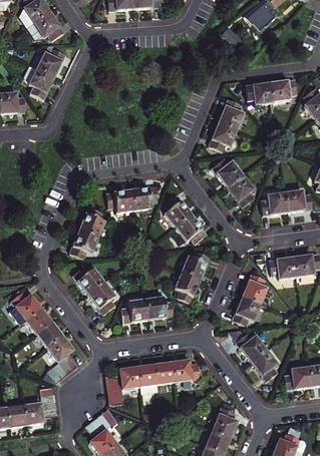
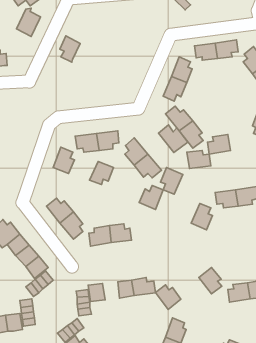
building: [29,67,53,98] -> [60,36,80,62]
building: none -> [159,125,188,152]
building: [285,189,313,210] -> [187,151,211,168]
building: [69,231,97,258] -> [90,161,113,184]
building: [174,272,200,303] -> [161,168,183,194]
building: [233,296,260,324] -> none
building: [236,331,266,360] -> [155,285,181,310]
building: [137,365,158,394] -> none

